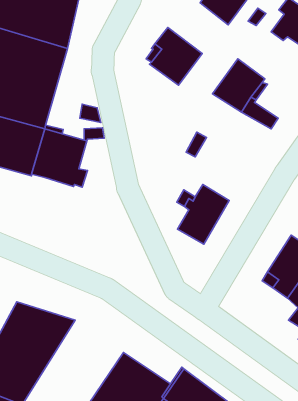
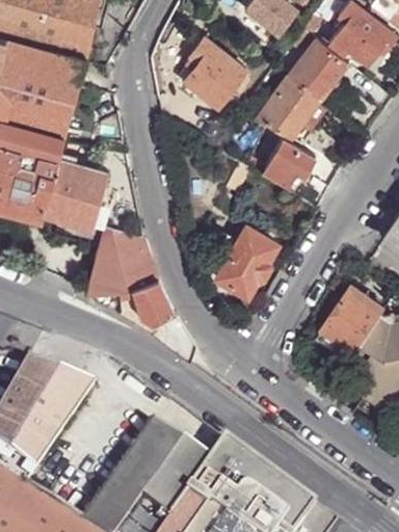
building: none -> [288,41,346,100]
building: none -> [261,138,318,191]
building: none -> [87,230,193,361]

